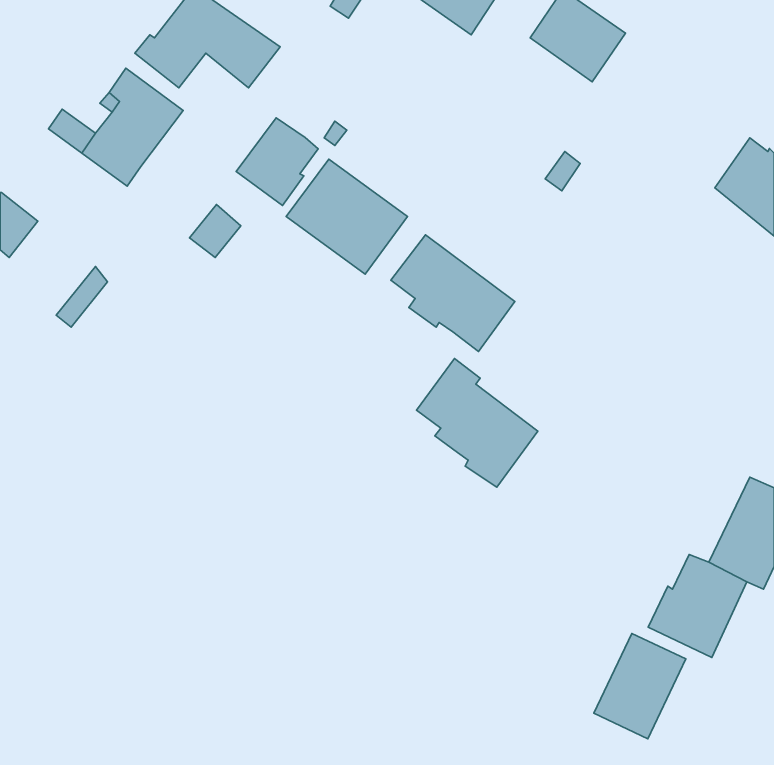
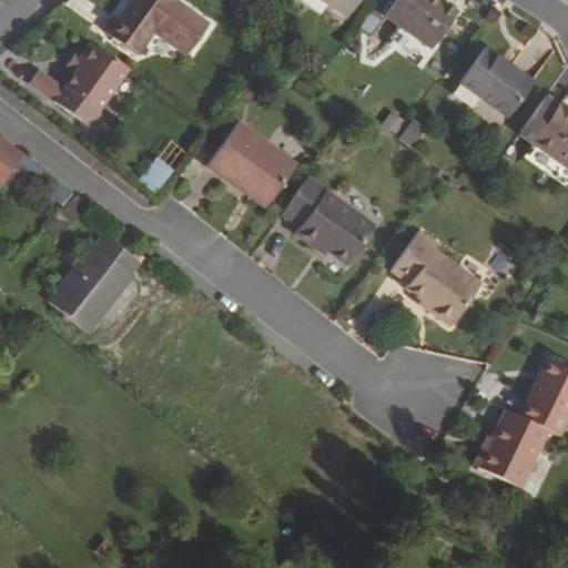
building: none -> [462,55,529,121]
building: [236,118,318,205] -> none
building: none -> [53,229,140,324]
building: [417,359,538,487] -> [394,226,483,321]
building: [594,634,686,739] -> none

